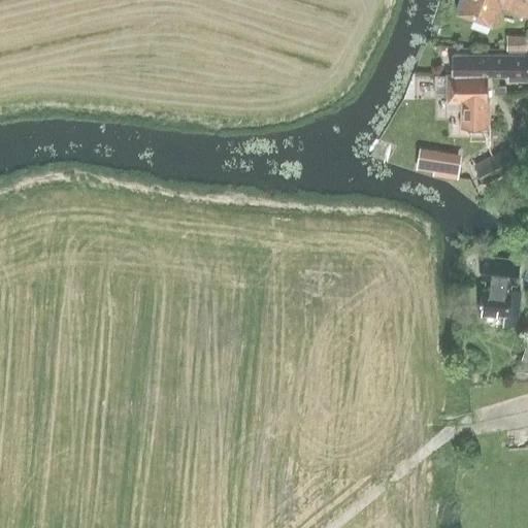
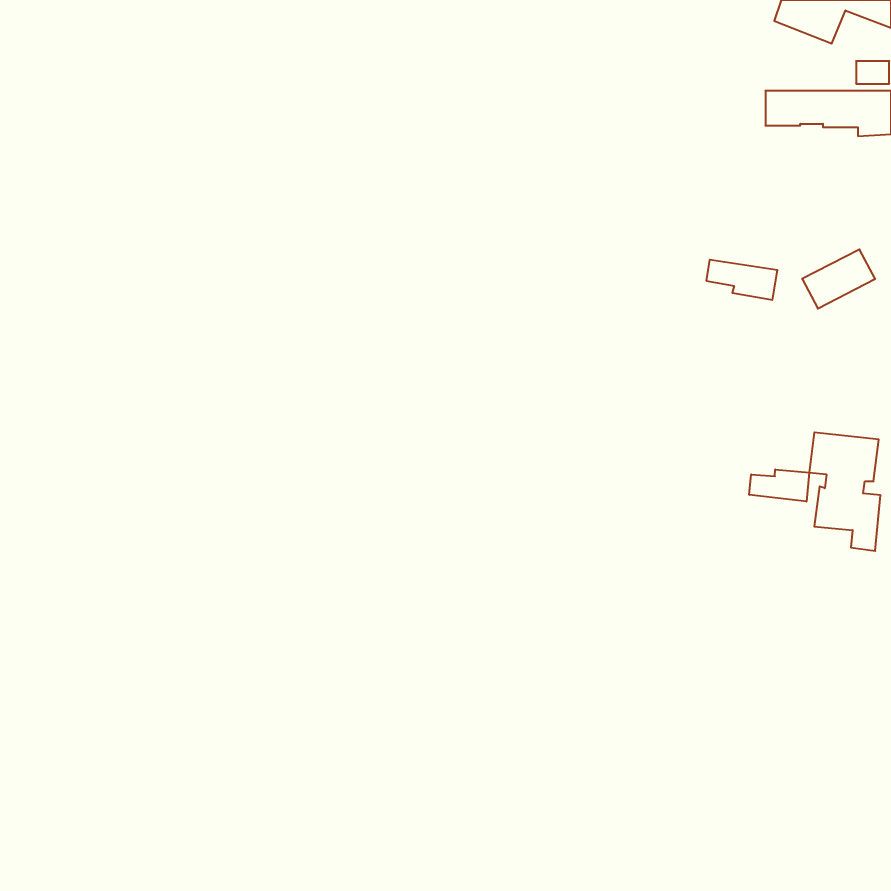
building: [447,73,489,126] -> none
building: none -> [749,469,809,502]

